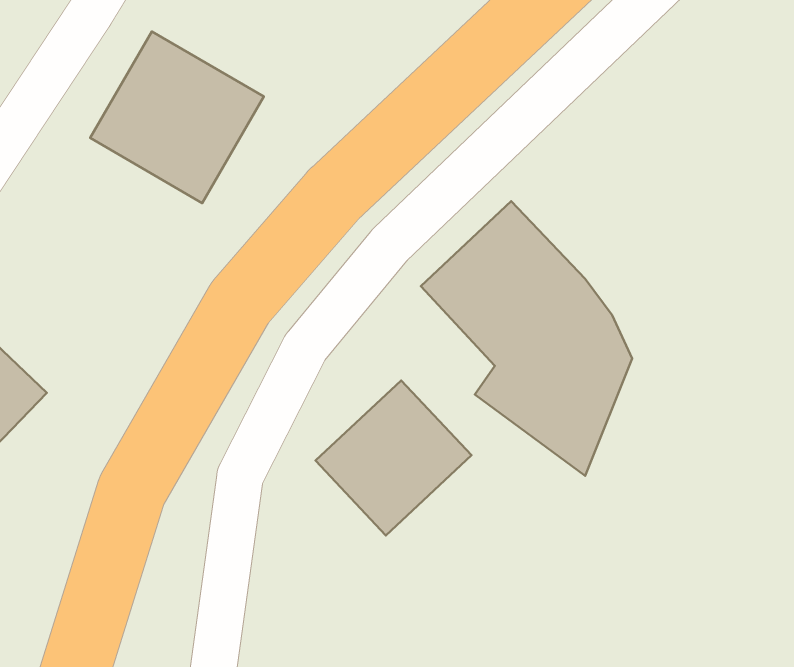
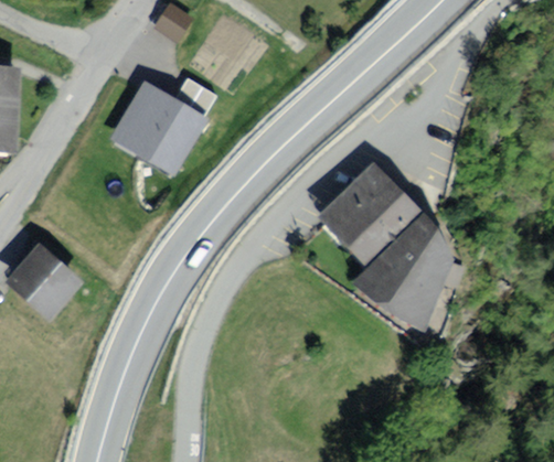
building: [316,380,472,535] -> none

